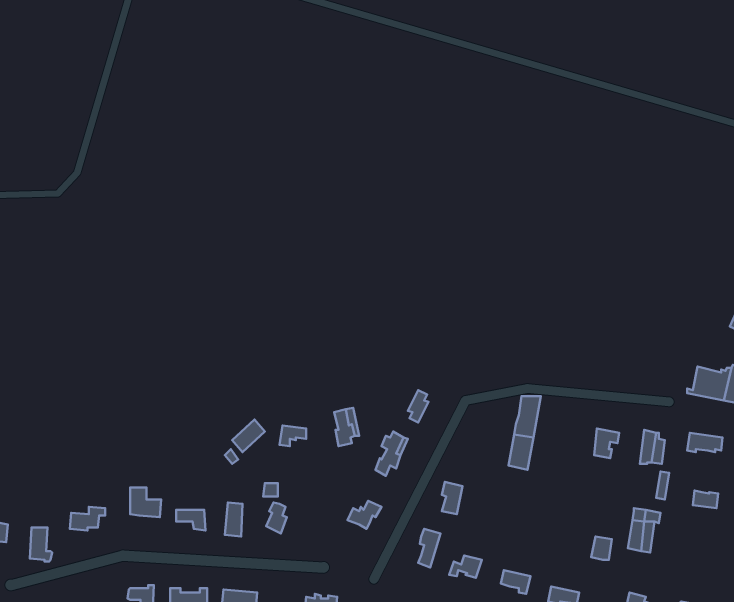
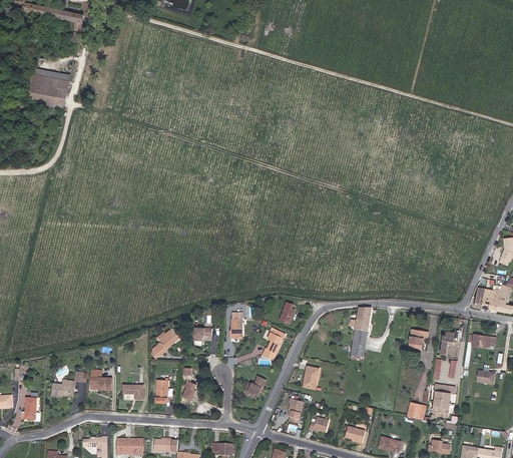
building: none -> [22,72,67,108]

